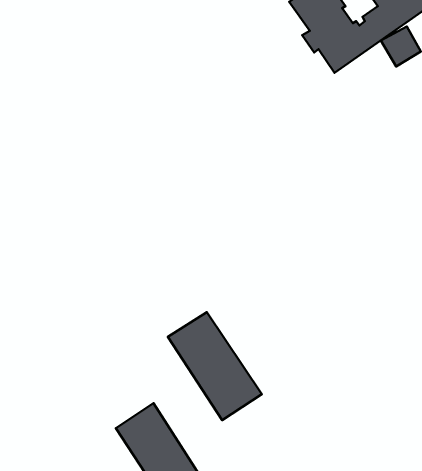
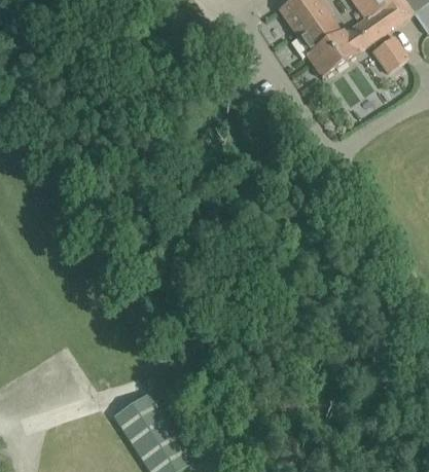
building: [168,312,262,420] -> none

